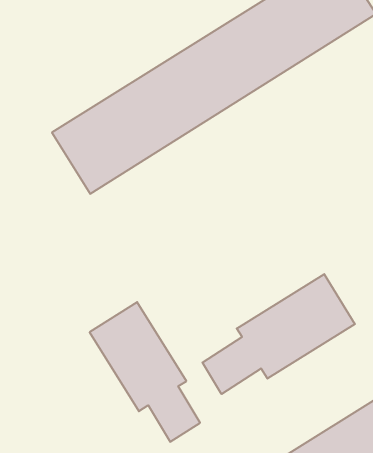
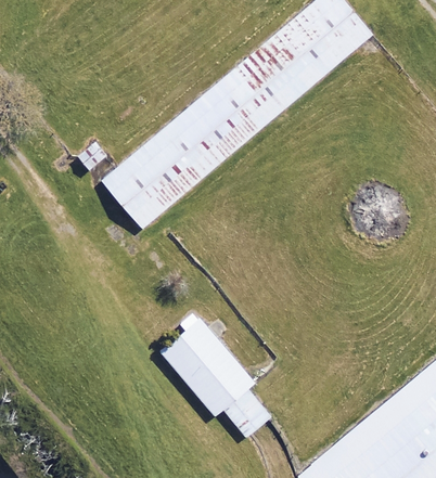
building: [202,274,355,394] -> none

